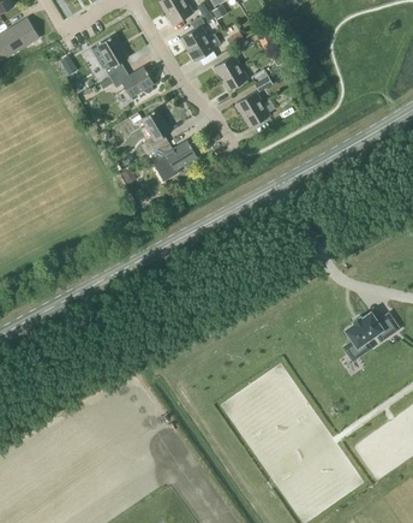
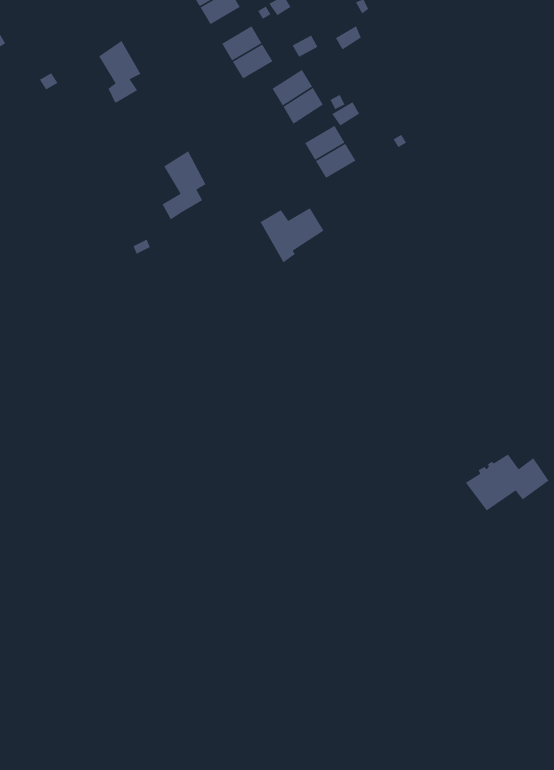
building: [103,67,152,100] -> none
building: [154,141,197,178] -> [260,207,325,263]

